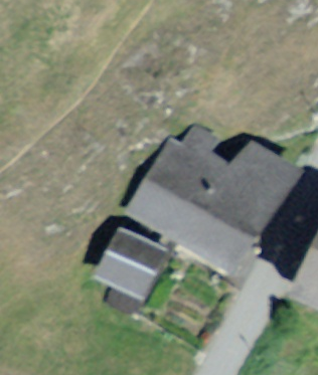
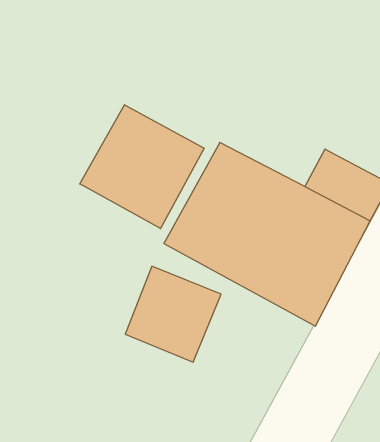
building: none -> [80,105,204,229]

